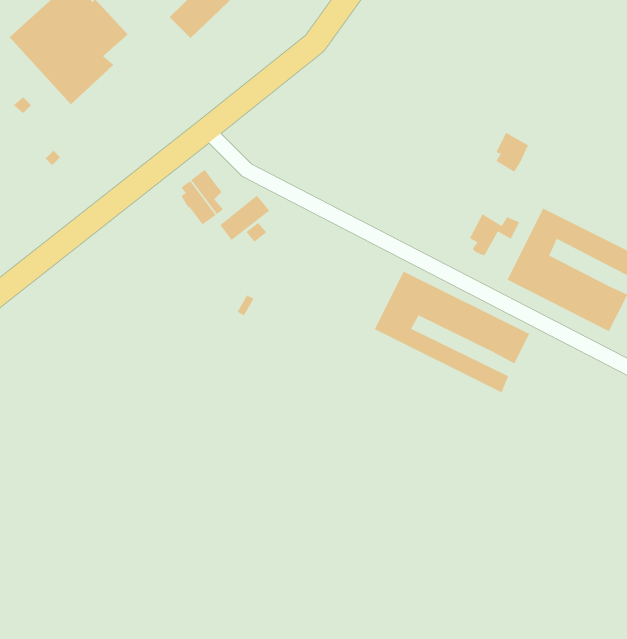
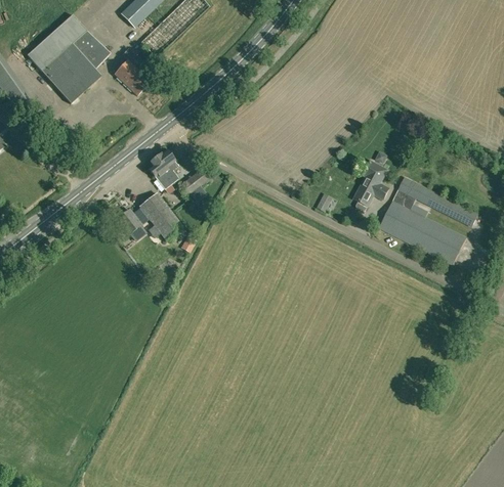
building: none -> [114,58,150,94]
building: [496,132,529,173] -> [363,160,386,188]
building: none -> [116,192,183,238]
building: [374,271,530,393] -> none

